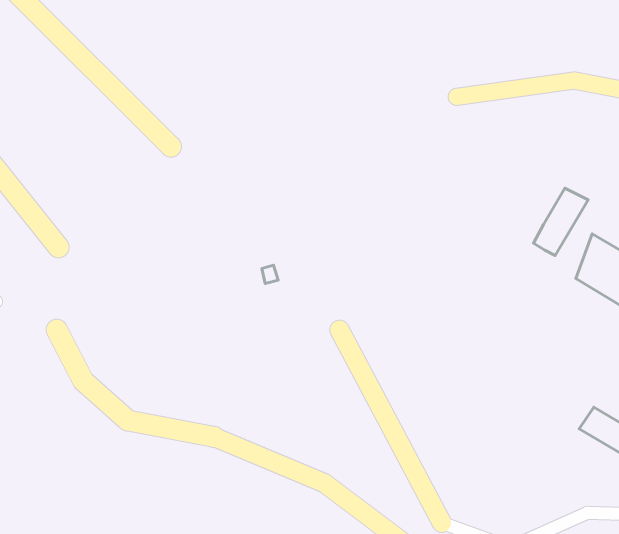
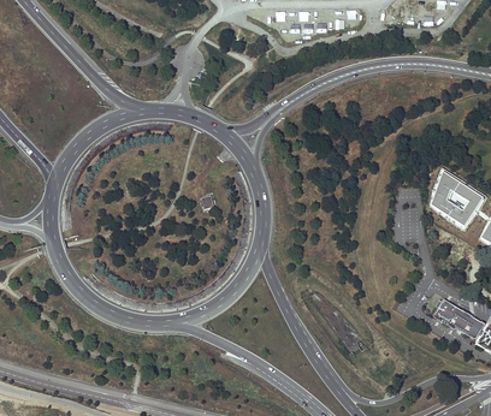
building: [533,188,588,256] -> none

